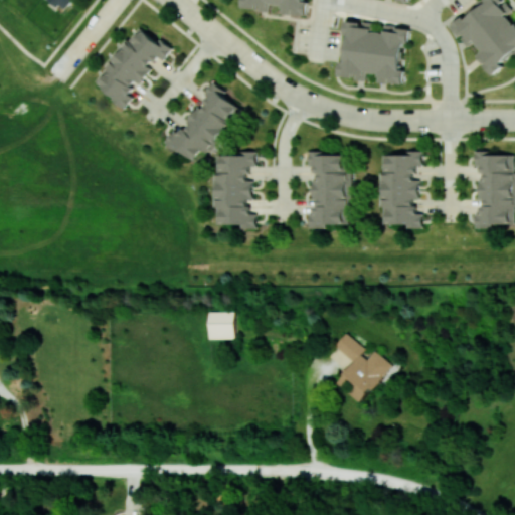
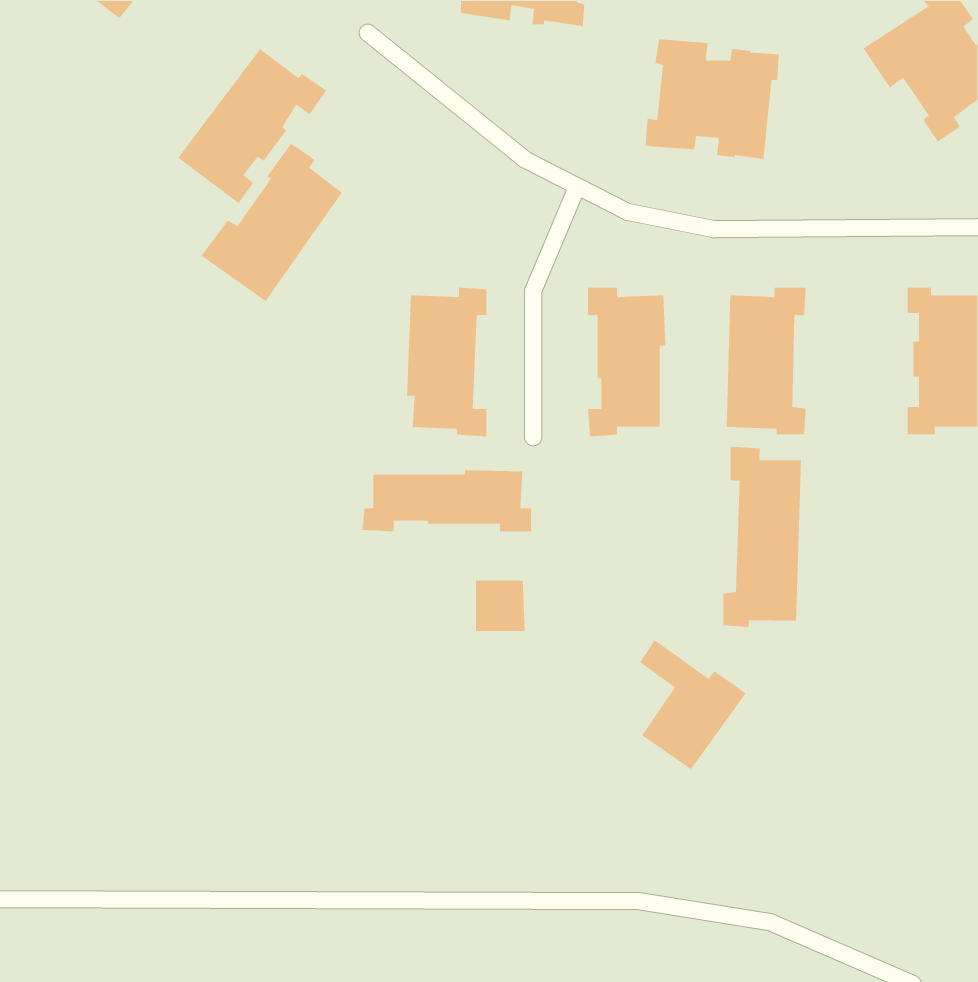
building: [165,82,239,166] -> [200,142,343,302]
building: none -> [722,446,802,628]
building: none -> [362,469,532,532]
building: [207,312,233,339] -> [475,580,525,632]

